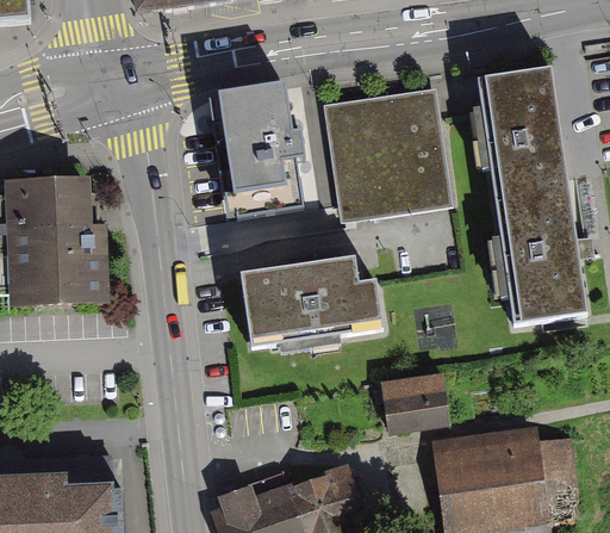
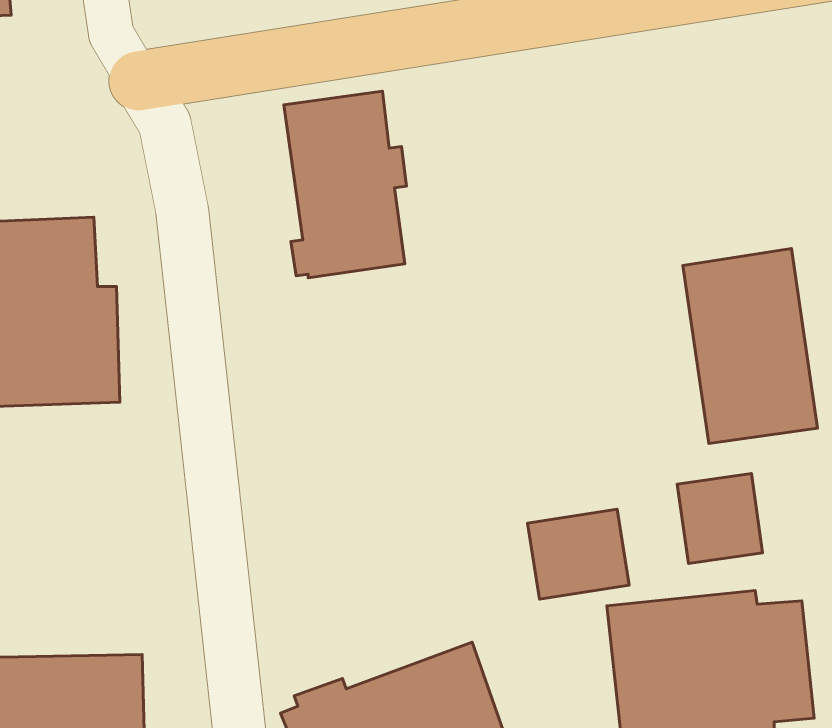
building: [474,69,567,204] -> none
building: [320,80,450,215] -> none
building: [238,260,380,345] -> none
building: none -> [677,474,763,564]

